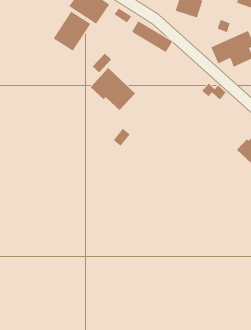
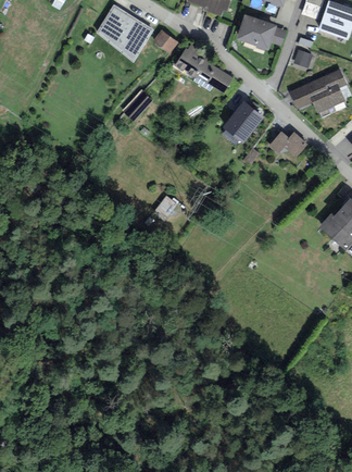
building: [53,11,91,51] -> none
building: none -> [221,101,263,146]
building: [90,67,136,111] -> none

